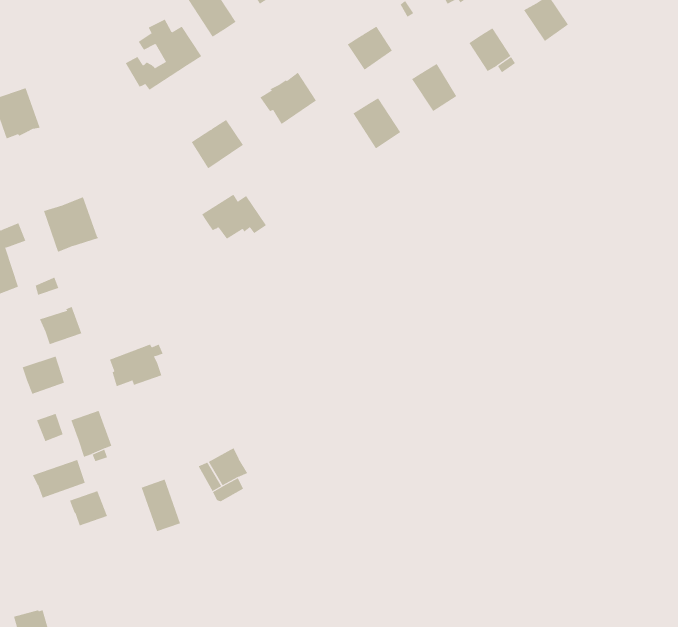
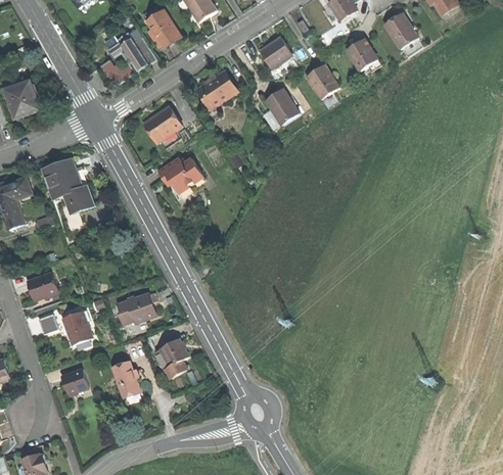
building: [39,306,82,345] -> [62,185,93,212]
building: [109,344,163,387] -> [118,292,156,323]
building: [32,459,85,498] -> none

